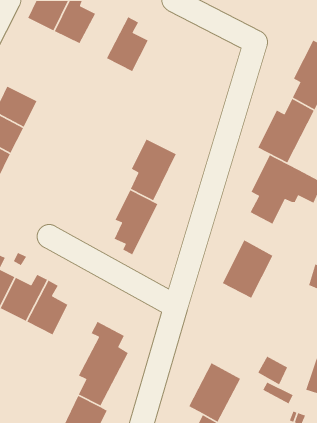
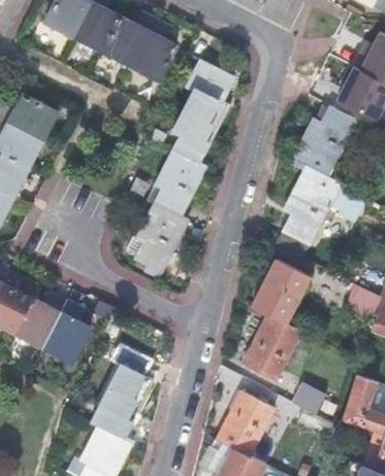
building: none -> [101,13,153,65]
building: none -> [172,60,232,167]
building: none -> [245,306,301,379]

